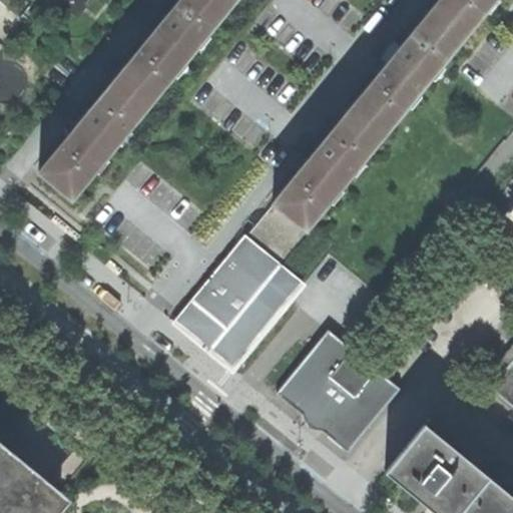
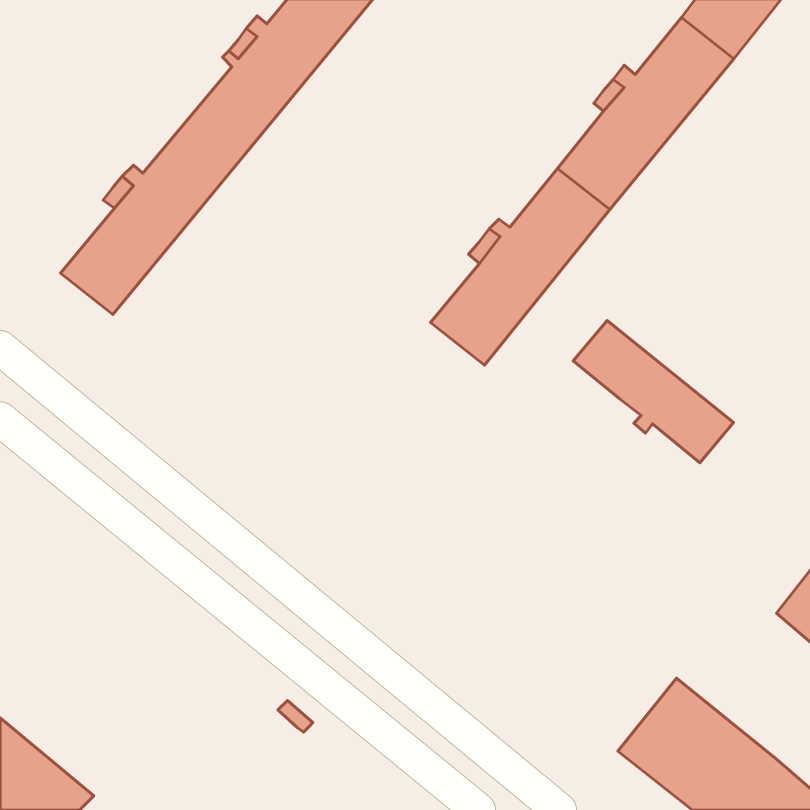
building: none -> [573,320,734,463]
building: [174,203,307,369] -> none
building: [276,329,400,452] -> none

